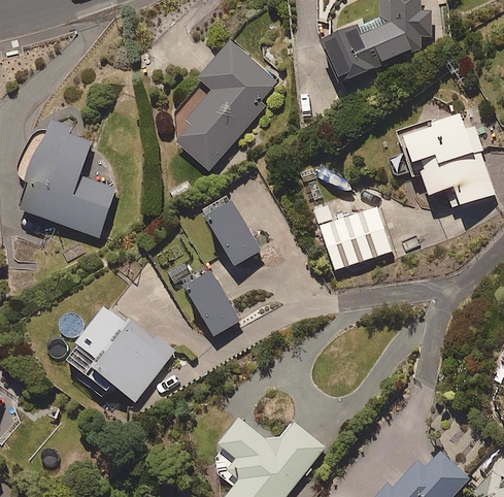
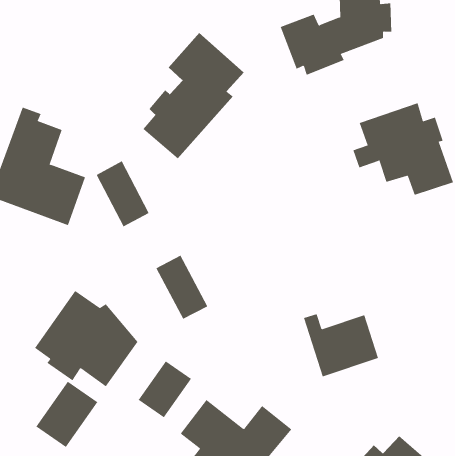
building: [208,197,263,265] -> [96,161,149,227]
building: [311,208,389,273] -> [303,314,379,377]
building: none -> [138,360,192,418]
building: none -> [35,381,98,448]

